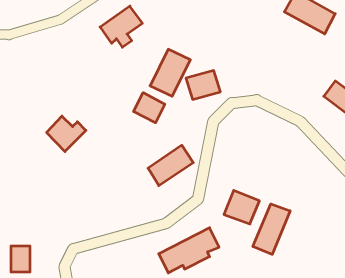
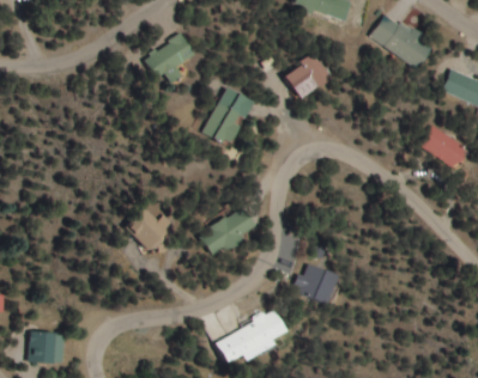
building: [186,71,220,99] -> [288,57,331,93]
building: [134,93,165,123] -> none
building: [47,116,86,152] -> [127,207,176,251]
building: [253,204,290,254] -> none

